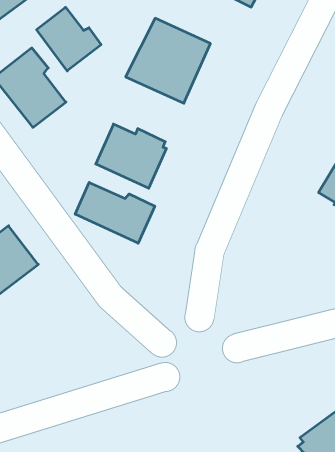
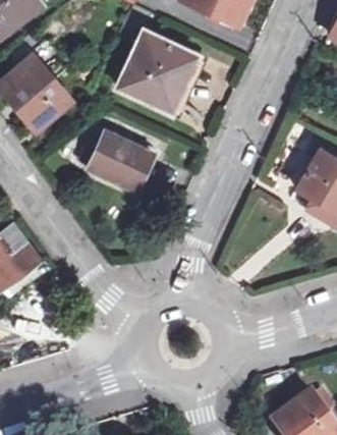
building: [37,7,101,71] -> none
building: [75,182,155,243] -> none

